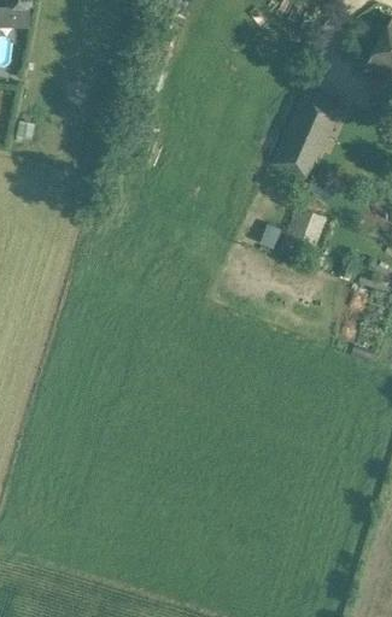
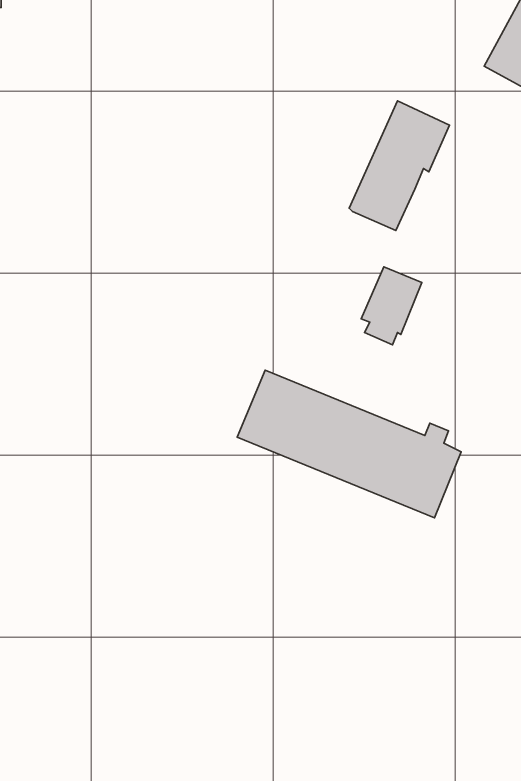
building: none -> [237,370,461,518]

